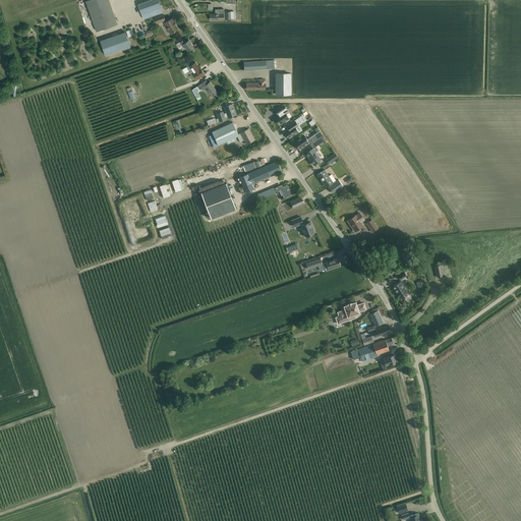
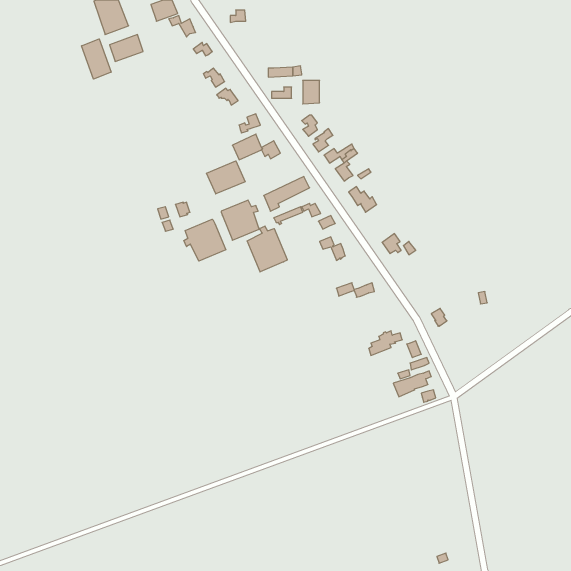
building: none -> [82,39,111,79]
building: none -> [207,161,245,194]
building: none -> [184,219,226,261]
building: none -> [247,226,287,272]

